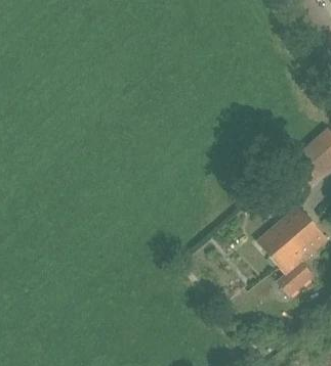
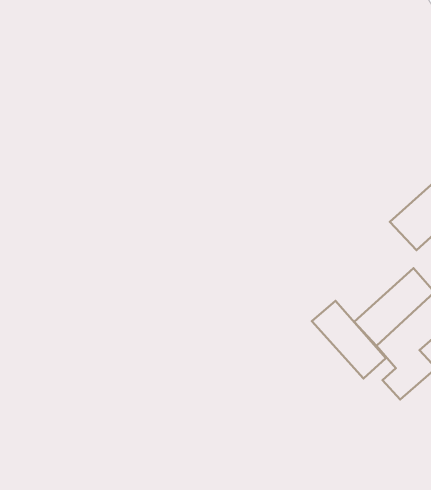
building: none -> [312,301,386,379]

